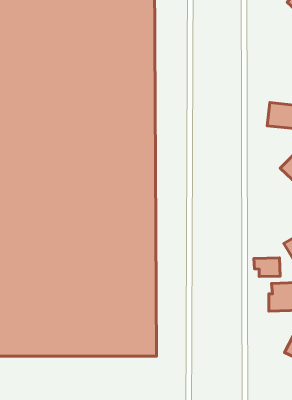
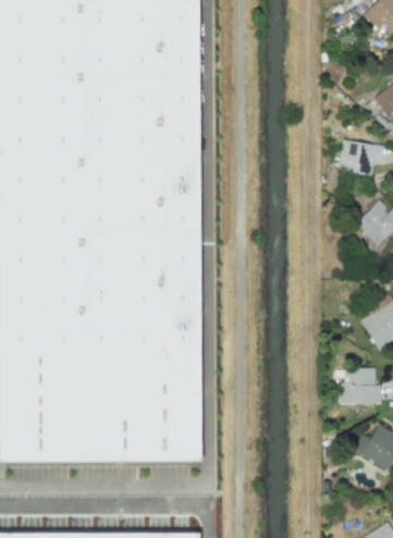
building: [254,258,280,277] -> none

